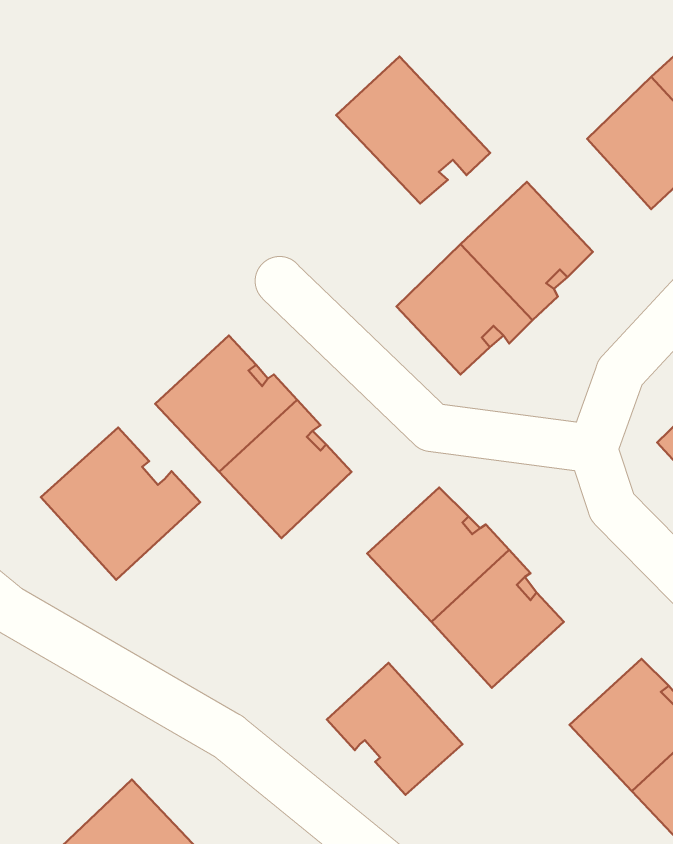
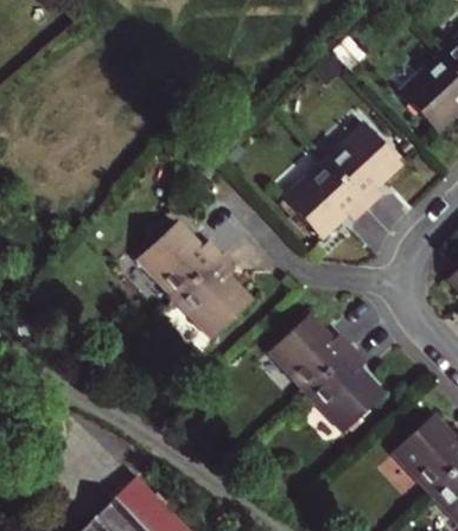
building: [336,57,490,204] -> none
building: [41,428,200,580] -> none
building: [327,663,462,795] -> none

